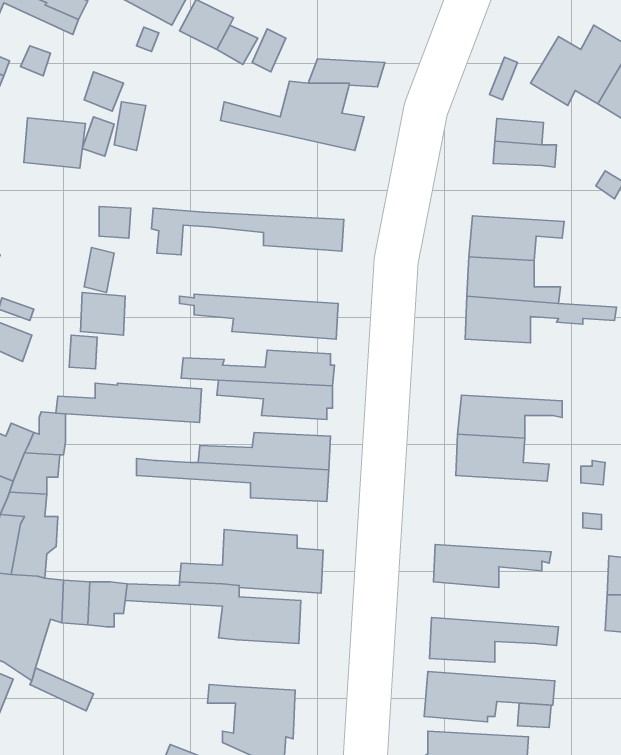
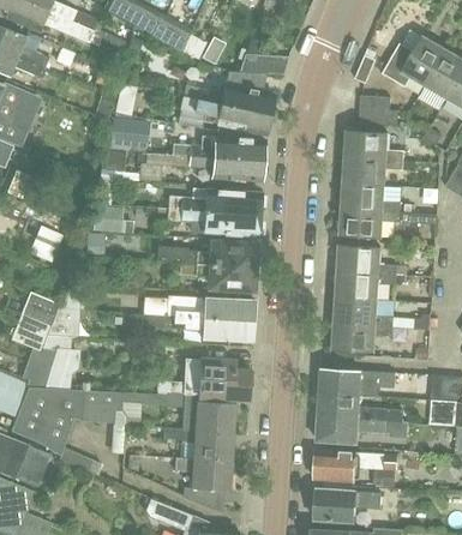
building: [24,118,85,168] -> [110,118,150,150]
building: none -> [179,96,269,134]
building: none -> [344,132,403,161]
building: none -> [172,136,263,160]
building: none -> [337,246,408,276]
building: [56,383,202,422] -> [166,188,259,214]
building: none -> [332,324,392,353]
building: none -> [318,392,403,421]
building: none -> [163,428,233,462]

